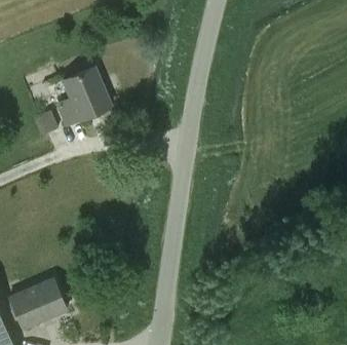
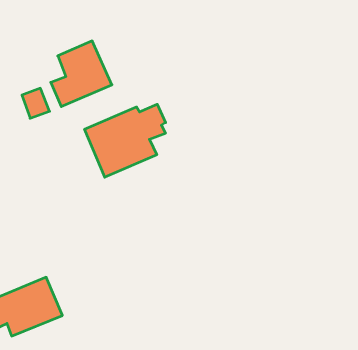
building: none -> [85,104,166,177]

